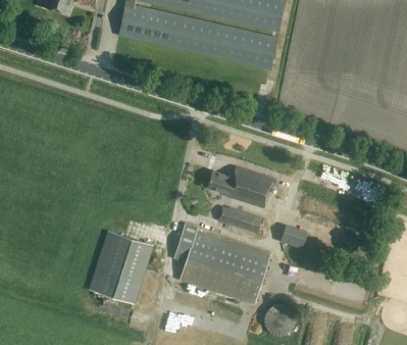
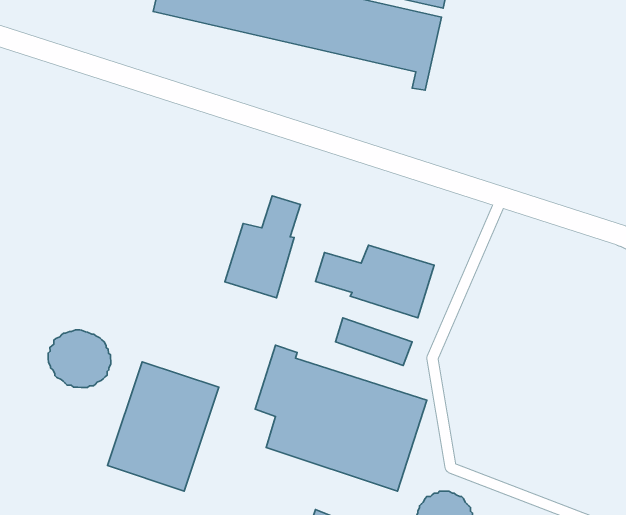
building: none -> [225,196,301,298]
building: none -> [48,330,111,388]
building: [279,225,306,249] -> none

